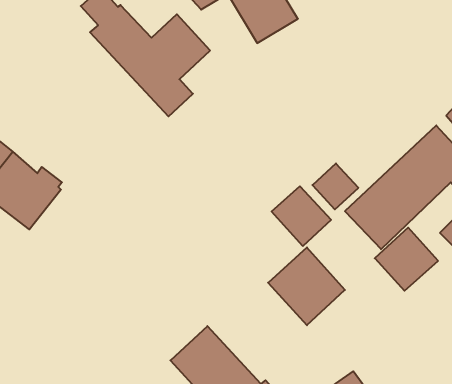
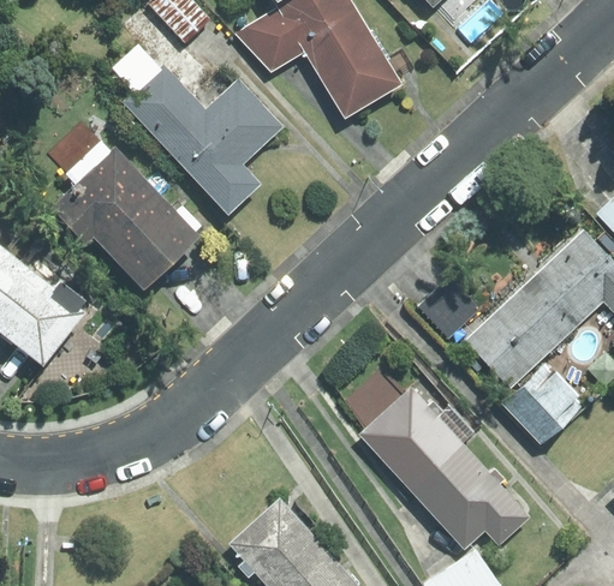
building: none -> [52,140,199,289]
building: [272,186,331,246] -> none
building: none -> [412,444,529,548]

